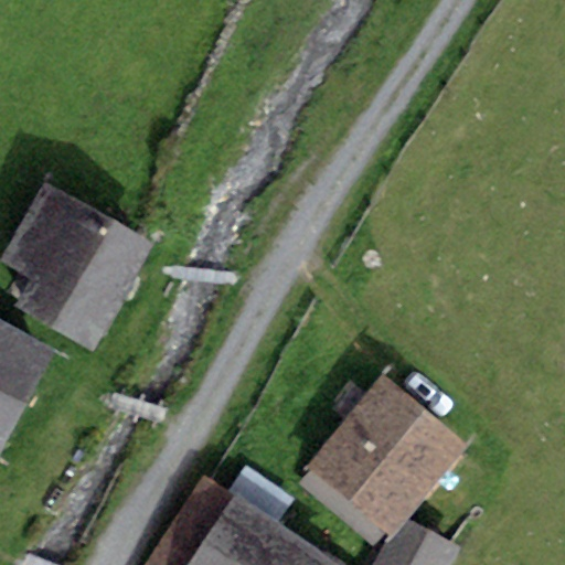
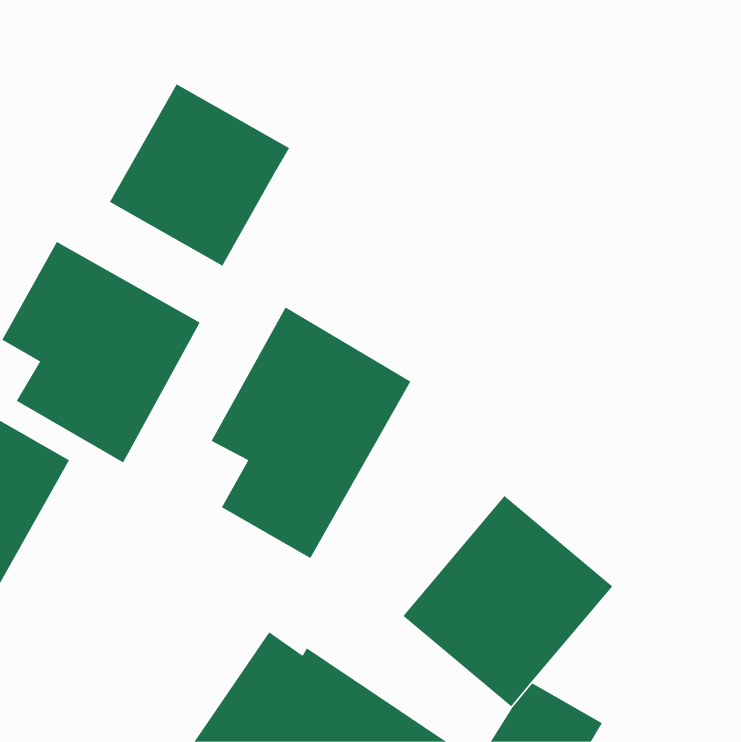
building: none -> [109,84,290,267]
building: none -> [211,307,411,559]

